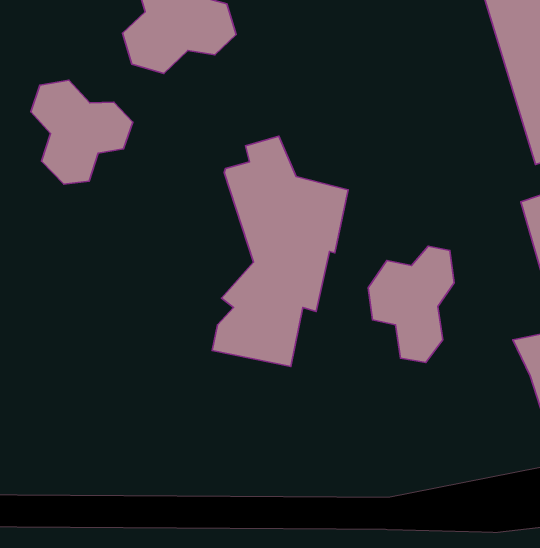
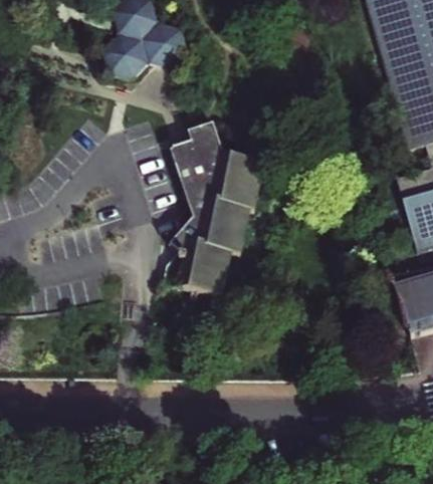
building: [31,80,133,184] -> none
building: [368,246,454,363] -> none

